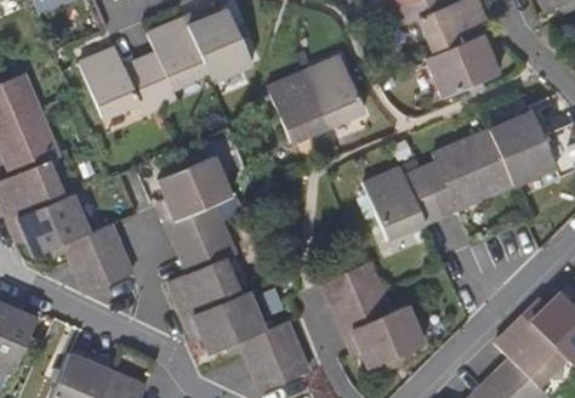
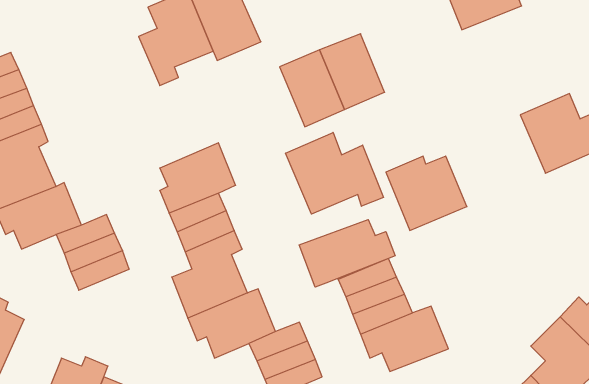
building: [428,33,500,98] -> none
building: [81,49,160,118] -> none
building: [421,132,512,216] -> none
building: none -> [286,132,384,214]
building: none -> [299,220,395,287]

